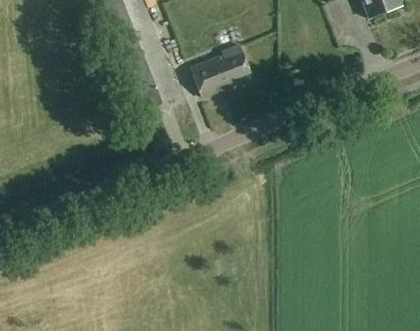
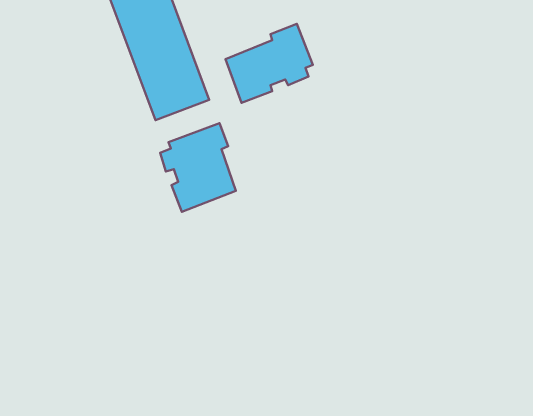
building: none -> [160,123,236,212]

